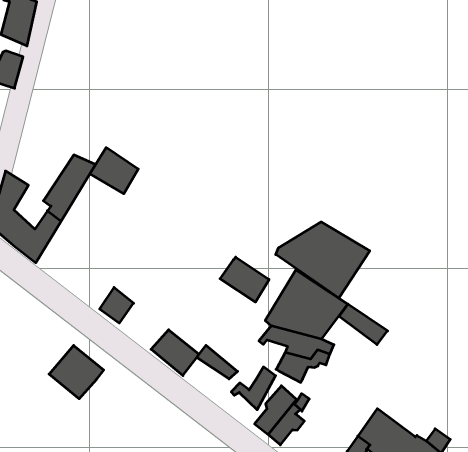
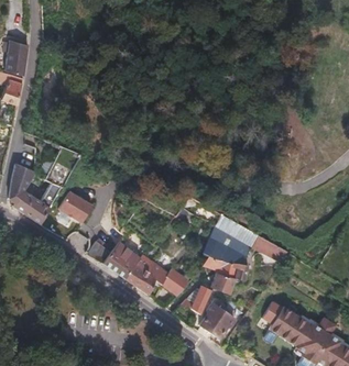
building: [90,148,138,194] -> [57,190,90,221]
building: [276,222,370,298] -> none
building: [220,257,269,302] -> none
building: [49,345,104,399] -> [102,241,140,277]

